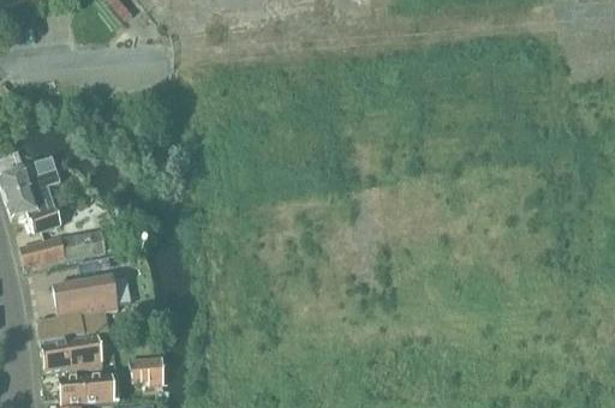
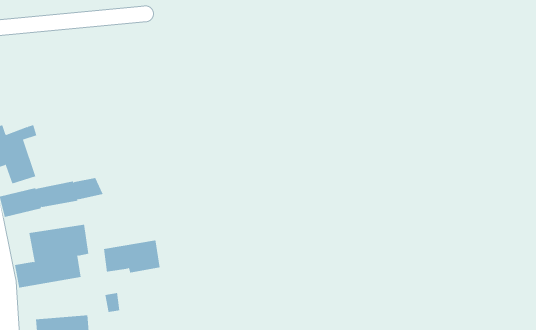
building: [40,335,102,371] -> [103,240,160,273]

